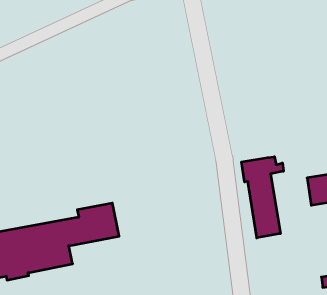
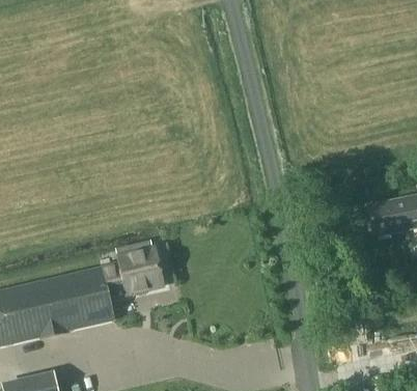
building: [242,157,283,238] -> none

